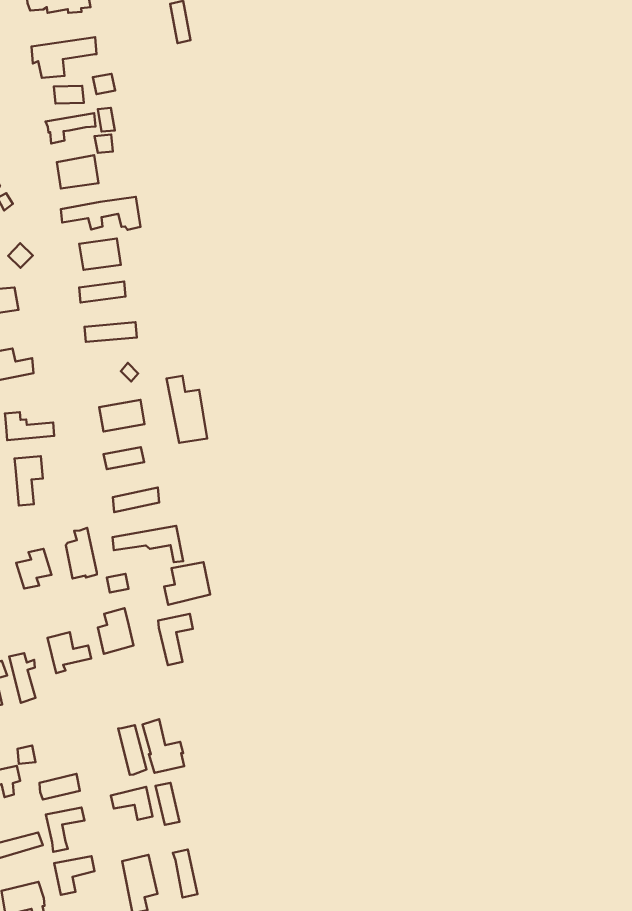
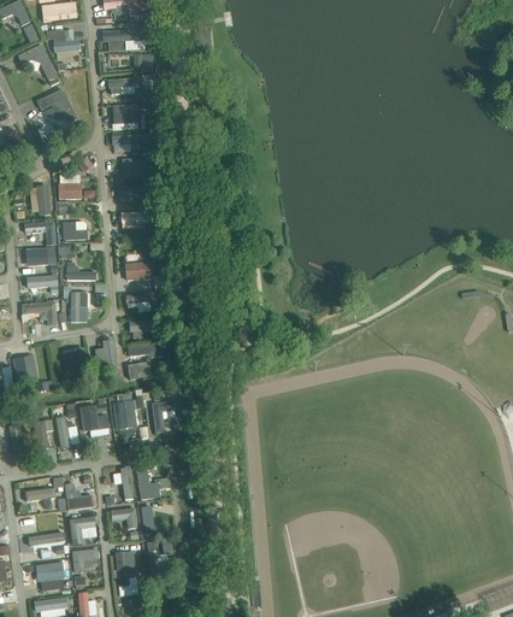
building: [166,376,207,443] -> none
building: [164,562,210,605] -> none

